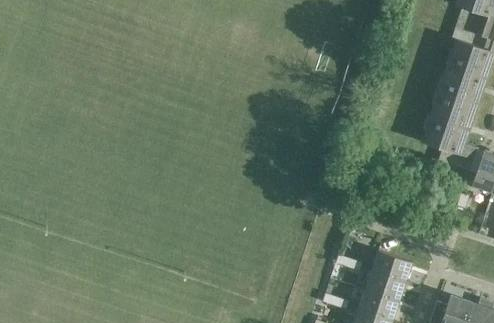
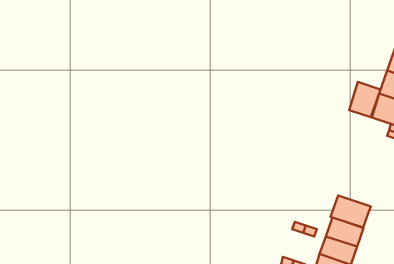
building: none -> [349,82,380,117]
building: none -> [331,196,371,228]

